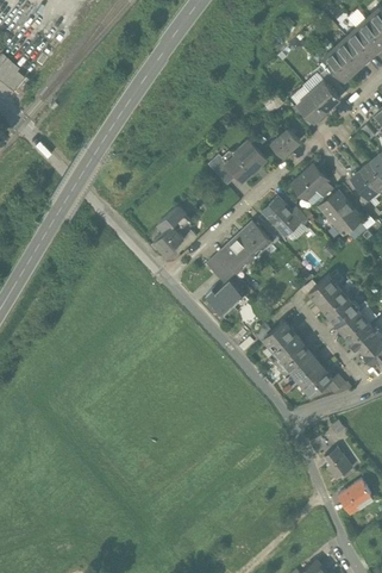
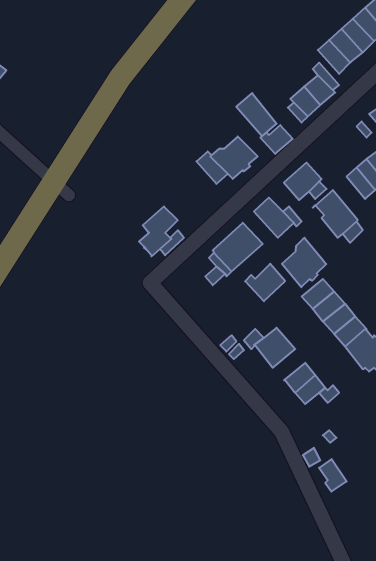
building: none -> [236,93,277,136]
building: none -> [282,238,326,287]
building: [206,279,244,314] -> [245,264,285,301]
building: [275,342,312,378] -> none
building: [338,479,370,512] -> none

